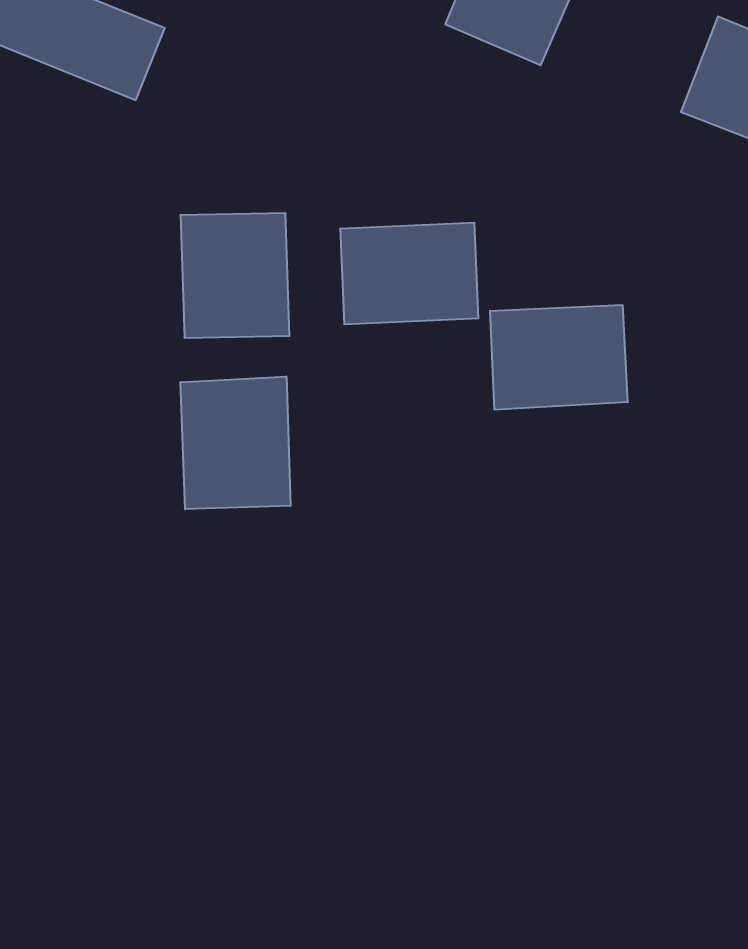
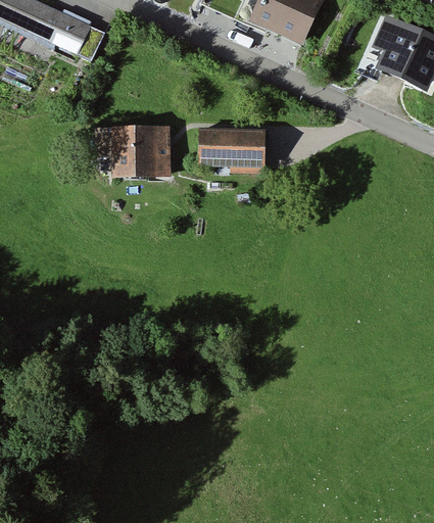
building: [490,305,628,410] -> none
building: [180,376,291,509] -> none

